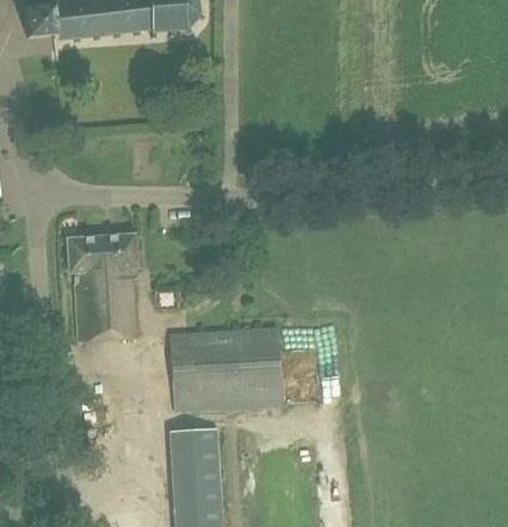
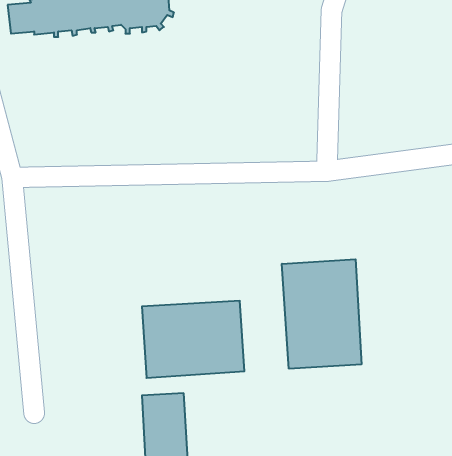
building: [68,234,138,340] -> none
building: none -> [282,259,361,369]

